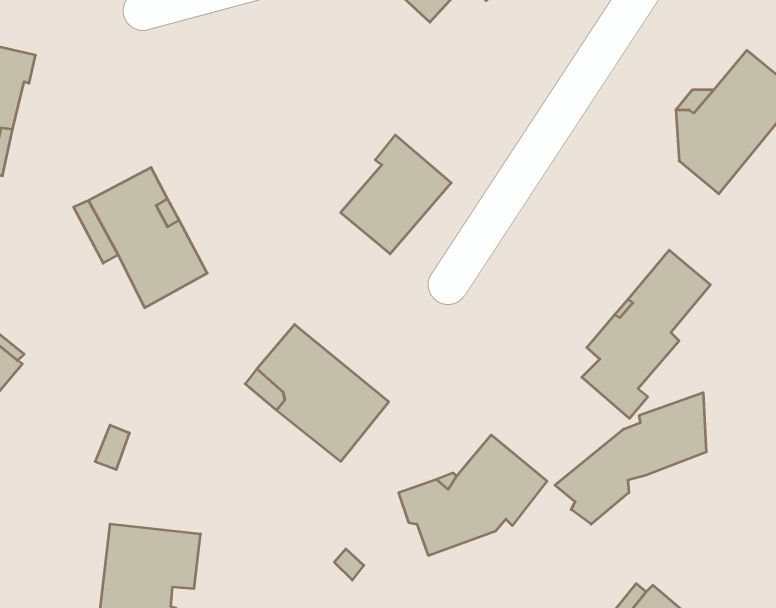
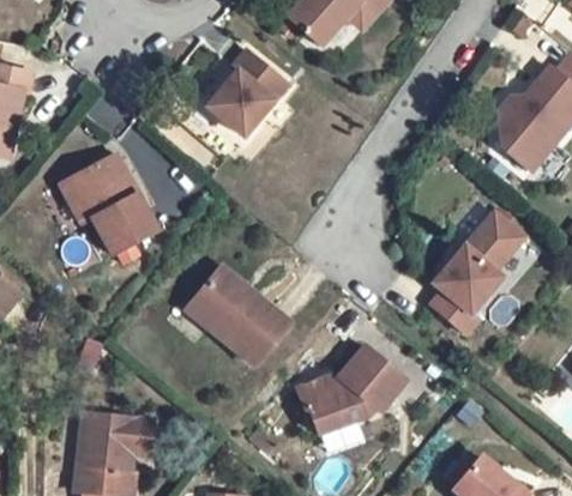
building: [341,135,451,254] -> [206,50,287,137]
building: [555,393,706,524] -> none

